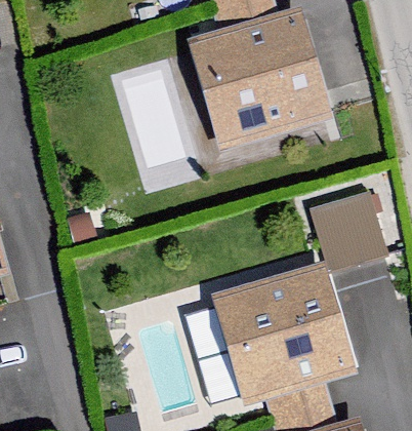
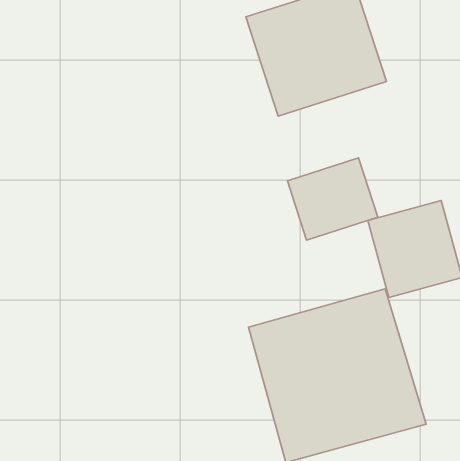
building: none -> [287,158,378,240]

